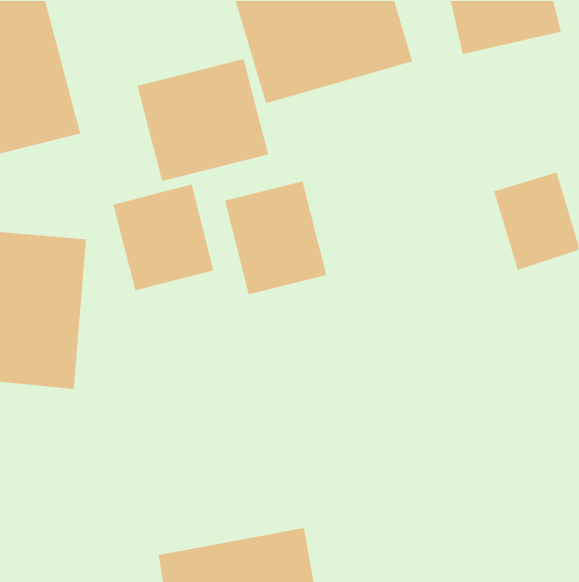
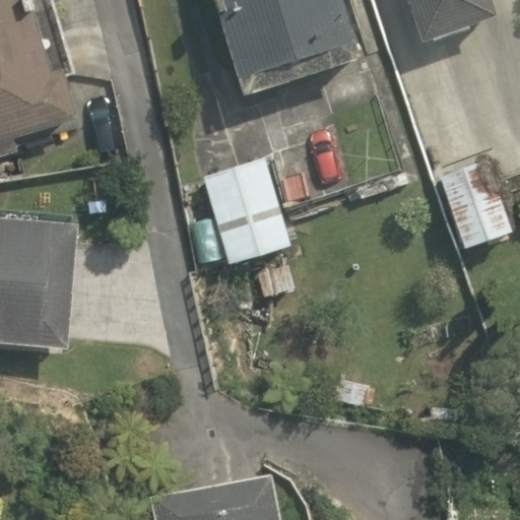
building: [137,58,269,182] -> none
building: [113,183,214,291] -> none

